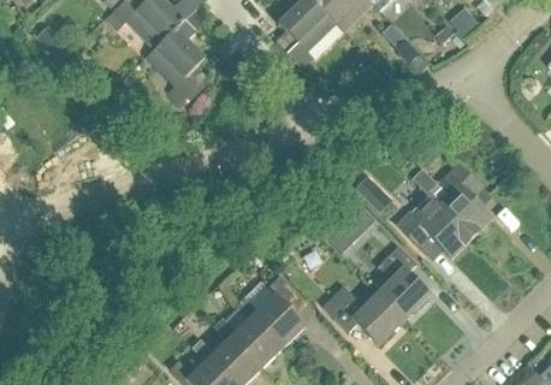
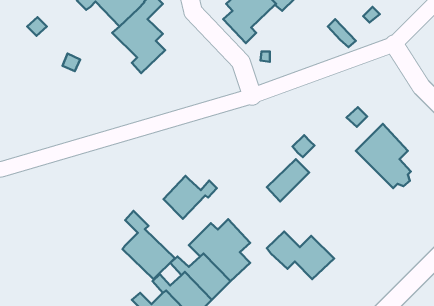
building: [399,194,473,257] -> none
building: none -> [163,176,217,219]
building: [378,244,431,319] -> none
building: none -> [122,211,175,279]

